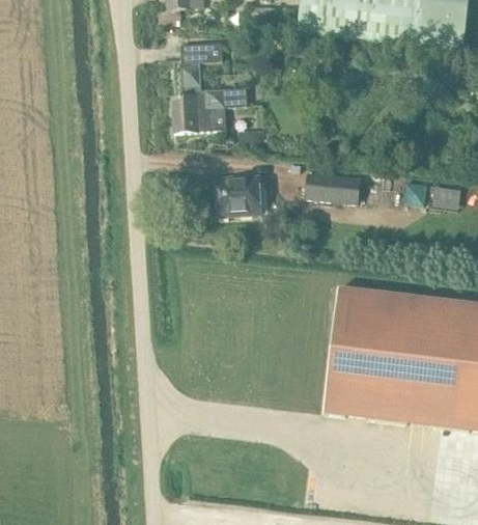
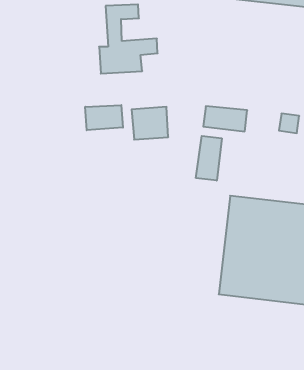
building: none -> [85,105,123,130]
building: none -> [196,136,222,181]

